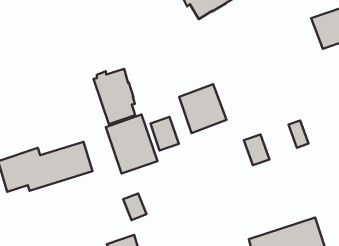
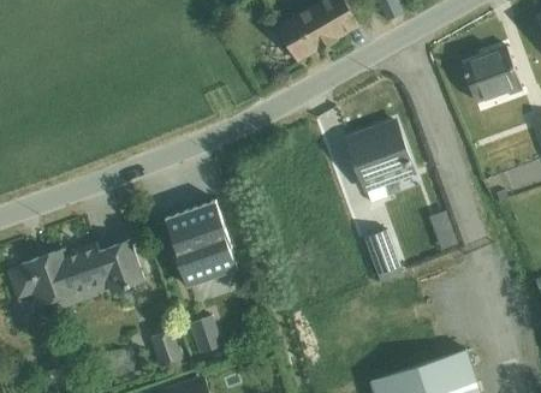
building: [94,69,135,124] -> none
building: [179,84,226,133] -> [345,120,414,191]
building: [150,117,179,150] -> none
building: none -> [149,328,182,365]

